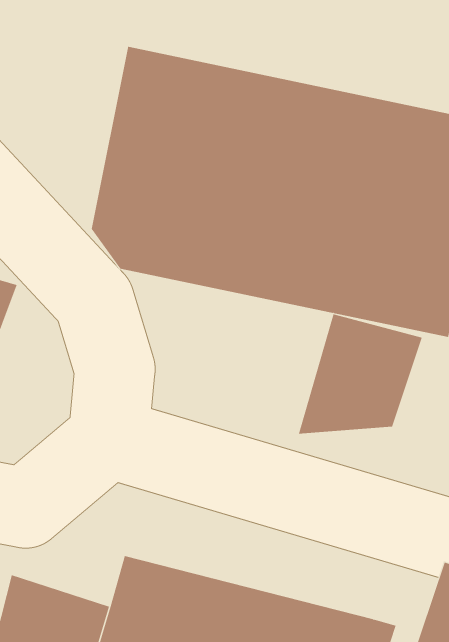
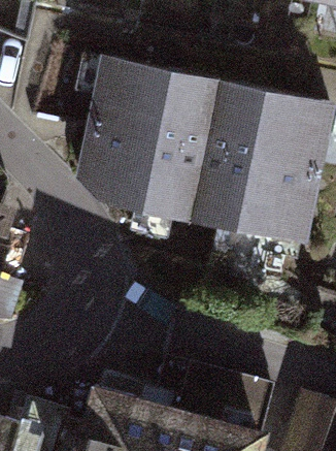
building: [298,313,422,435] -> none
building: none -> [153,357,271,429]

